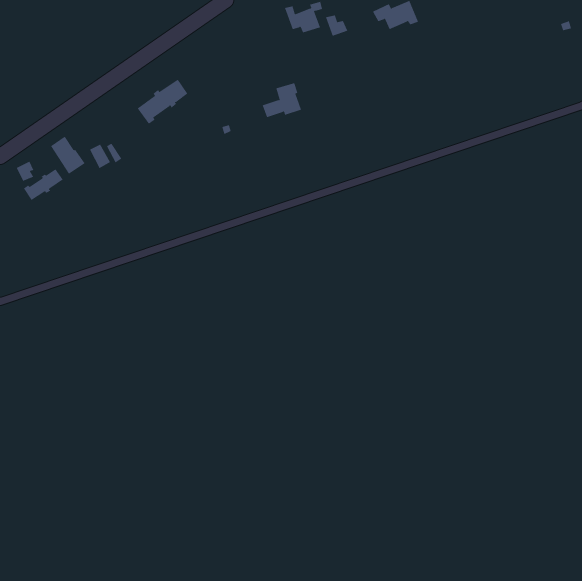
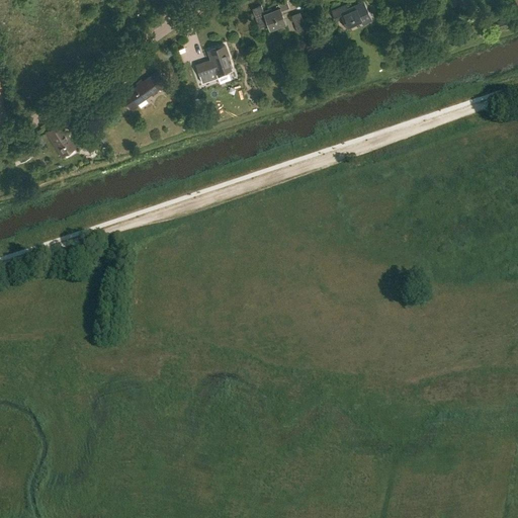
building: [262,82,302,118] -> [195,46,231,77]
building: [23,168,63,201] -> none

